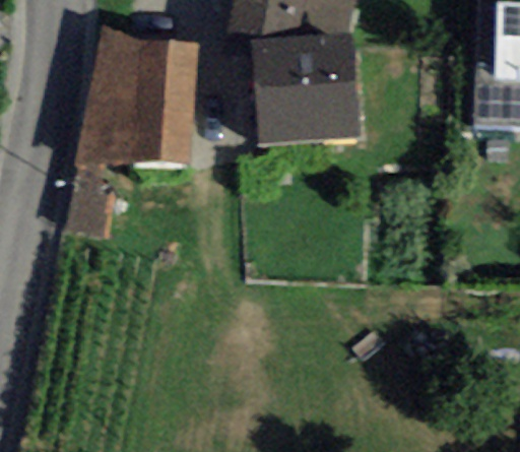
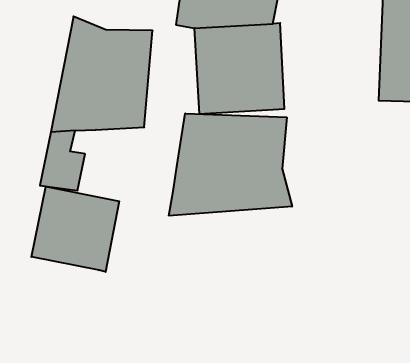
building: none -> [169,113,292,216]
building: none -> [31,186,119,272]

